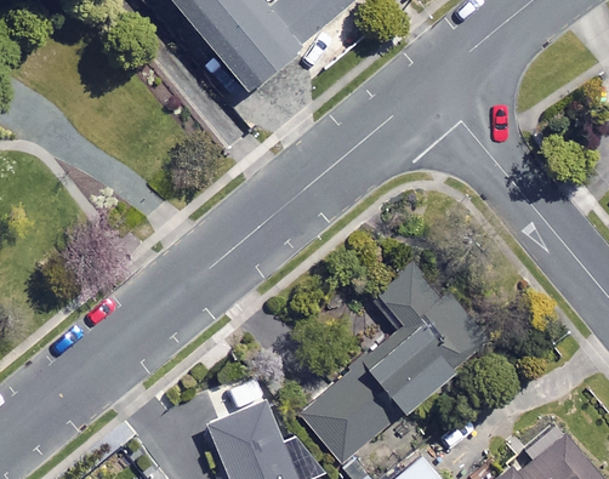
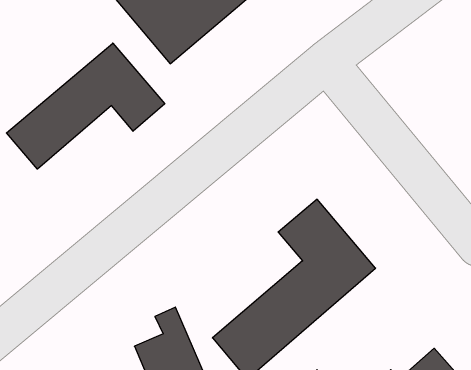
building: none -> [6,43,165,169]

